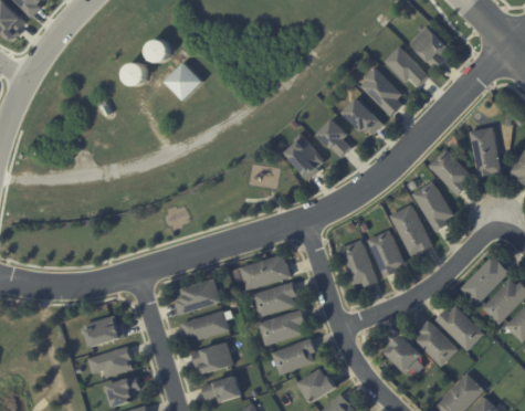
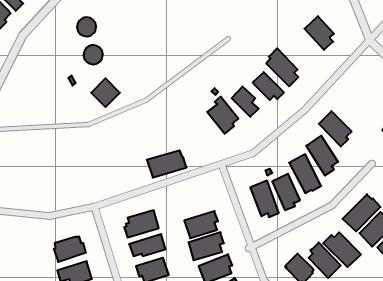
building: [144,40,169,65] -> [77,17,96,37]
building: [384,48,429,88] -> none
building: [166,63,203,101] -> [91,78,120,107]
building: [470,128,501,178] -> none
building: [239,254,291,289] -> [147,150,187,178]

